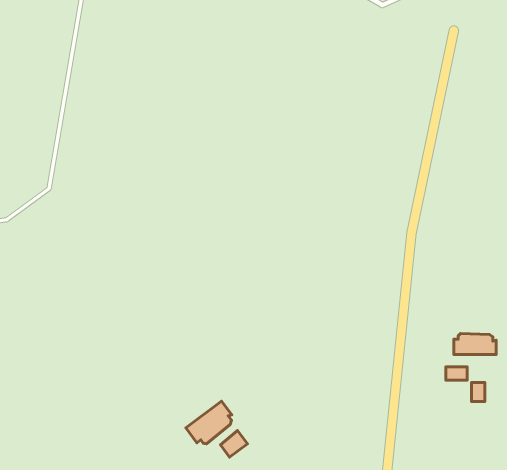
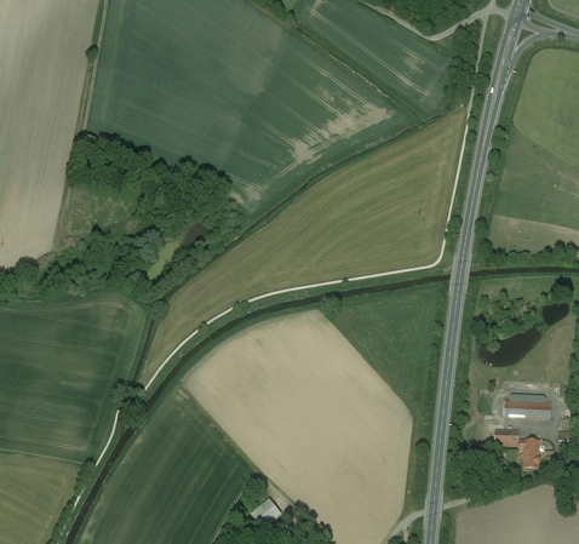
building: [186,401,232,444] -> none

